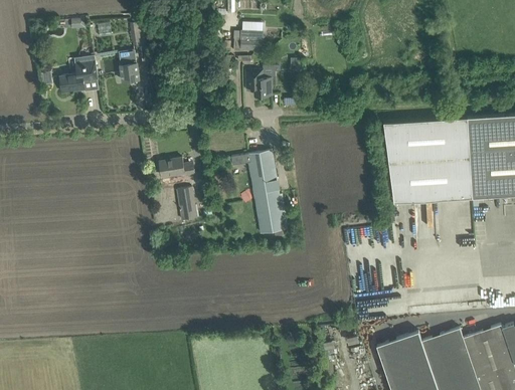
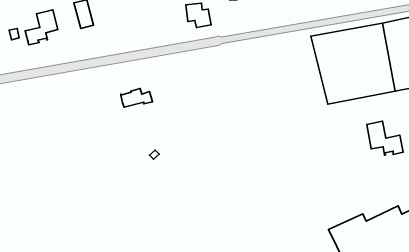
building: [231,152,286,237] -> none
building: [177,188,198,221] -> none
building: none -> [367,121,403,155]

